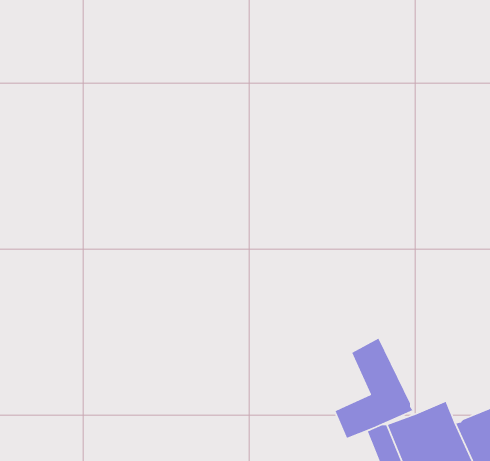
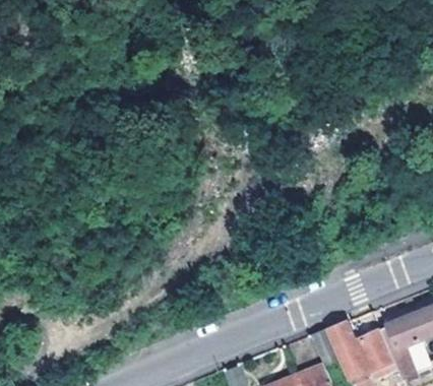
building: [335,338,414,439] -> none

